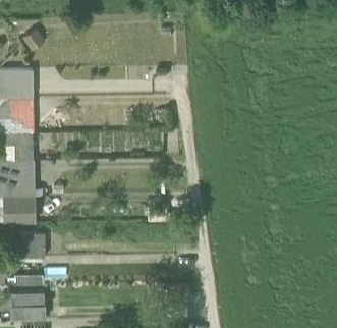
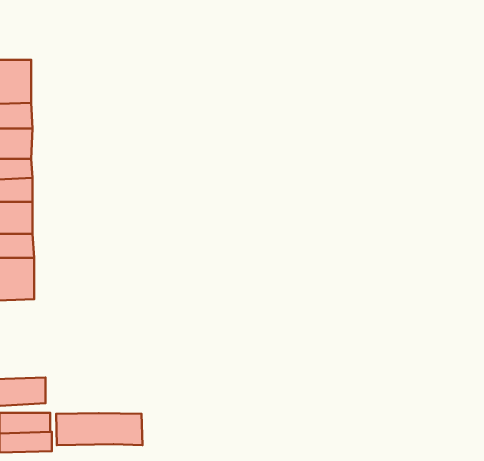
building: [21,233,44,258] -> none
building: none -> [56,413,143,445]

